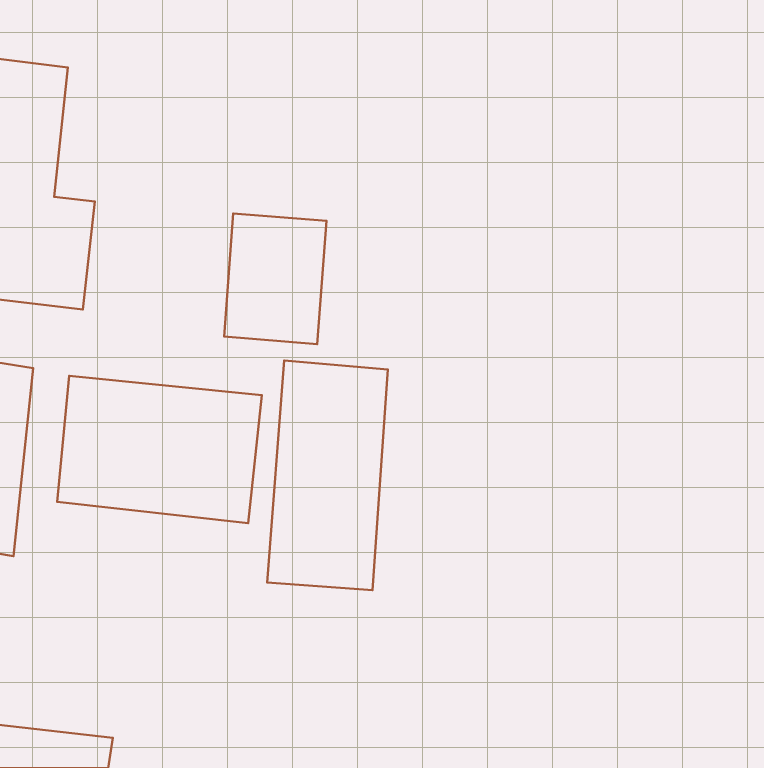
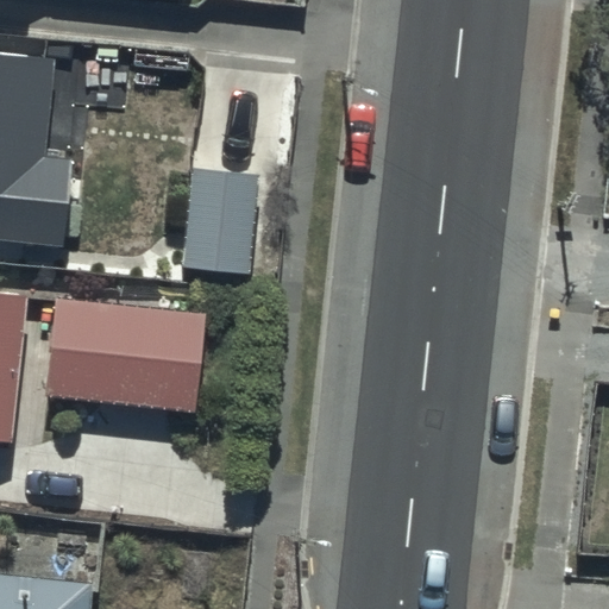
building: [267,361,388,590] -> none

